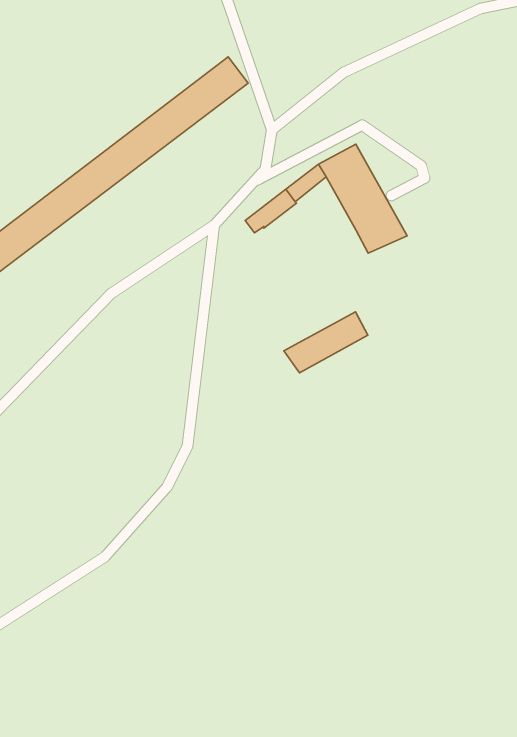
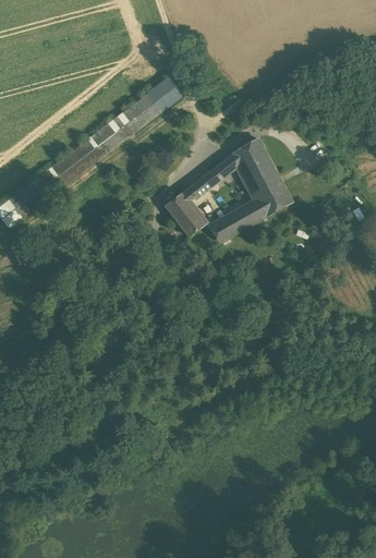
building: none -> [163,192,203,235]
building: [284,312,368,373] -> [207,198,266,241]

